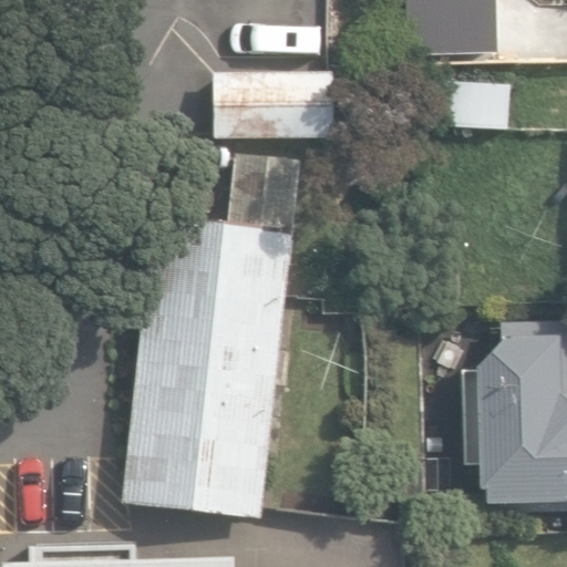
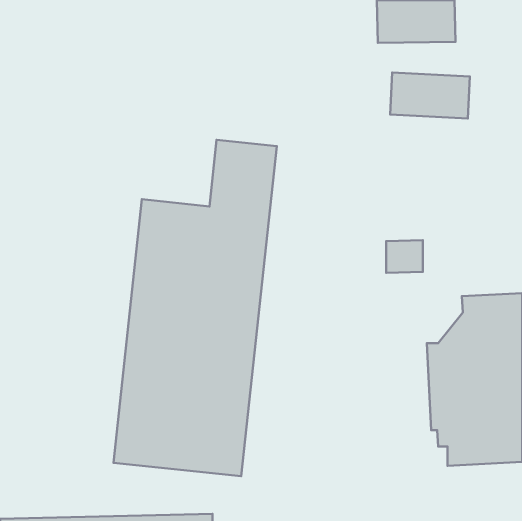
building: [210,73,333,142] -> none

